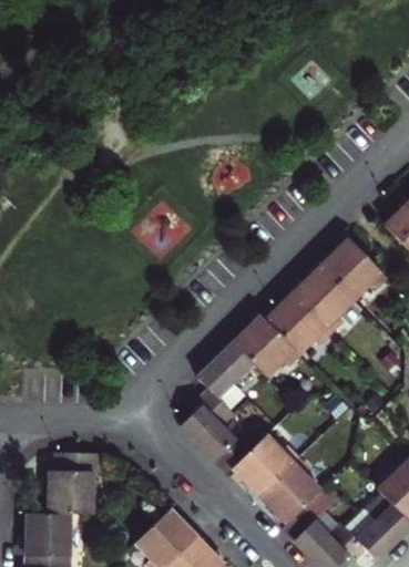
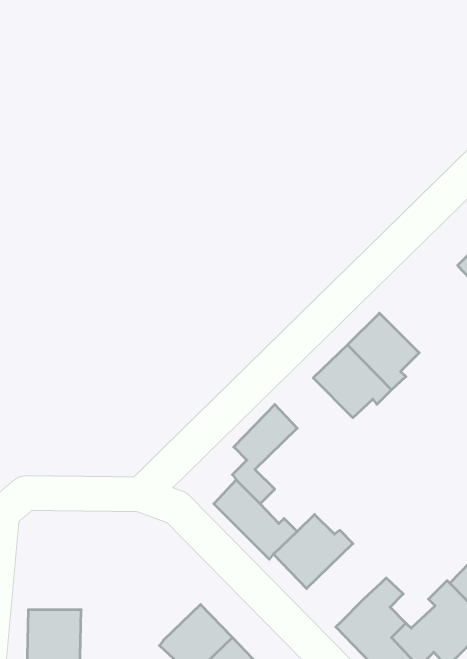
building: [320,238,387,299] -> none
building: [233,316,298,377] -> none
building: [49,452,99,515] -> none
building: [259,458,321,525] -> none

